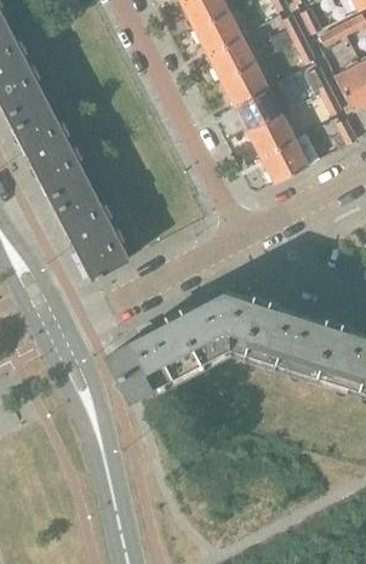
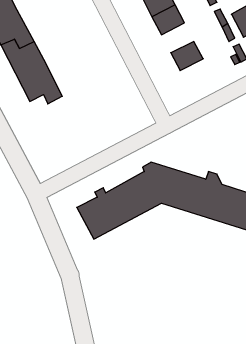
building: [236,90,282,132] -> none
building: [263,141,309,183] -> none
building: [50,192,130,280] -> none

